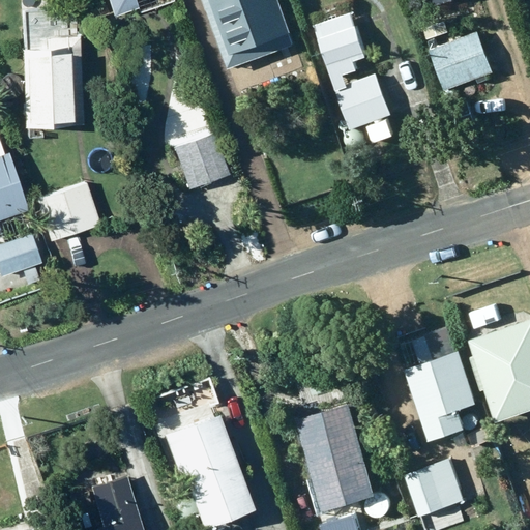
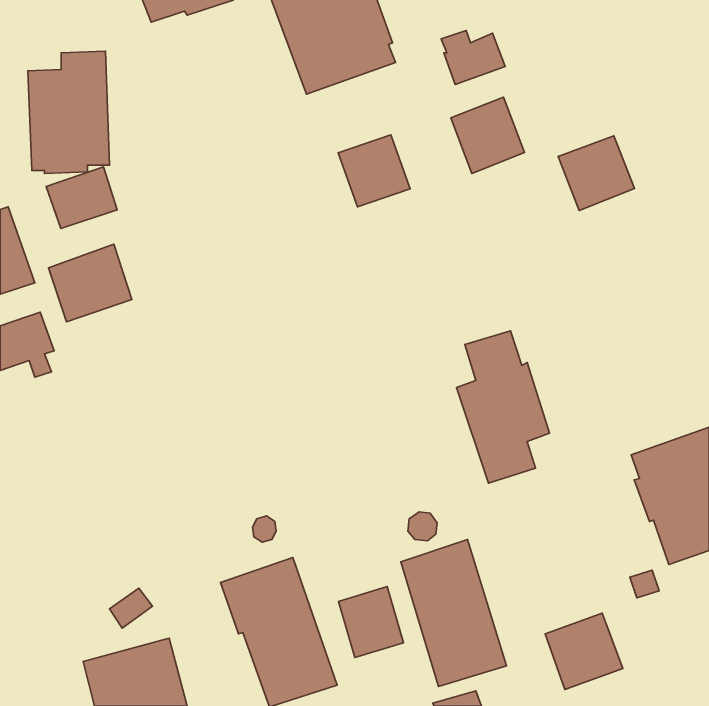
building: [437,31,494,87] -> [558,136,635,211]
building: none -> [46,167,117,229]
building: [174,134,228,187] -> [338,135,410,207]
building: [408,327,477,441] -> [456,331,549,483]
building: none -> [338,587,403,658]

